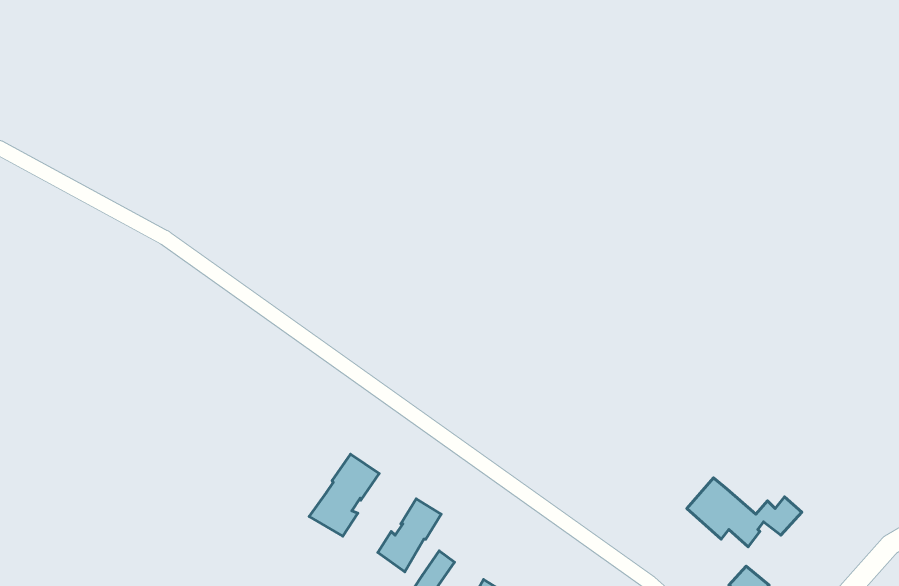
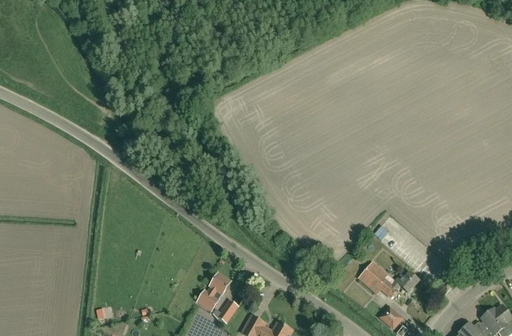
building: [309,454,379,536] -> none

